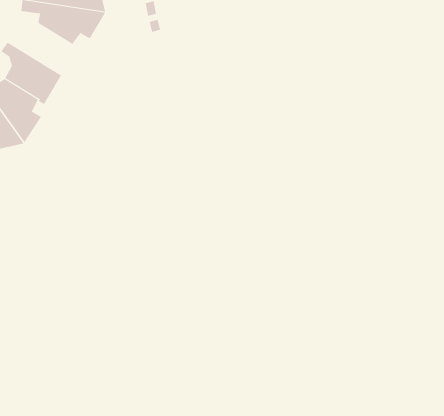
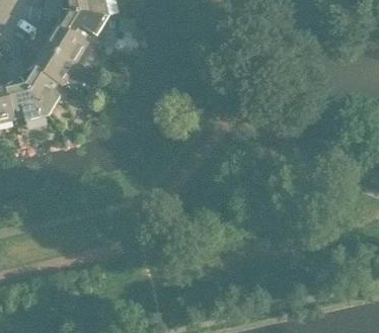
building: none -> [35,24,96,68]

